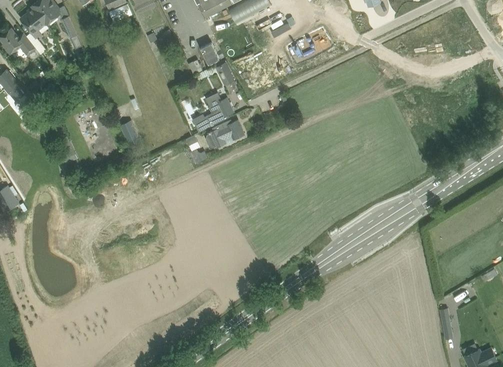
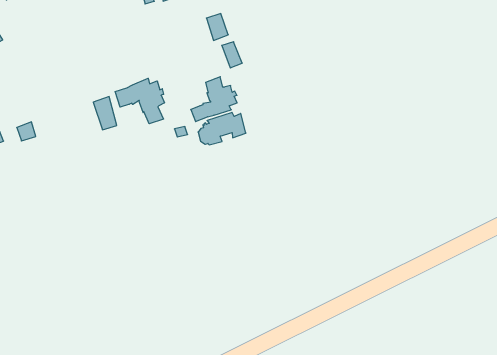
building: none -> [115,78,164,124]

